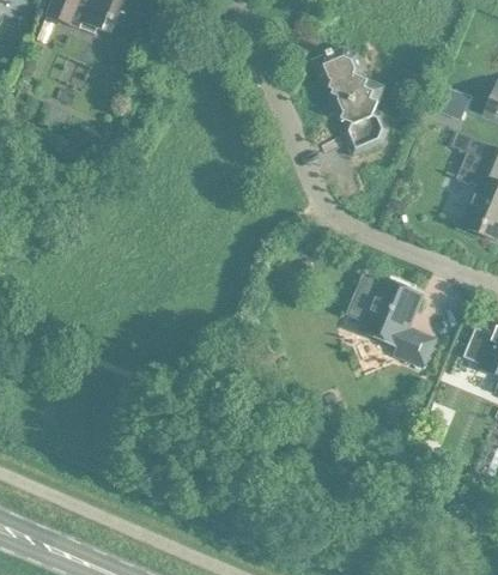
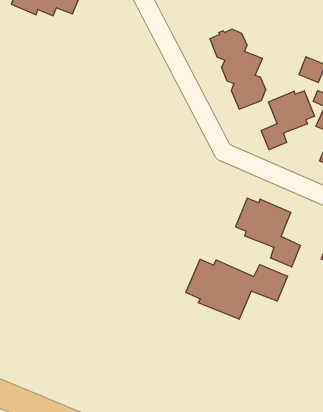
building: none -> [261,91,315,150]
building: none -> [186,259,288,319]

